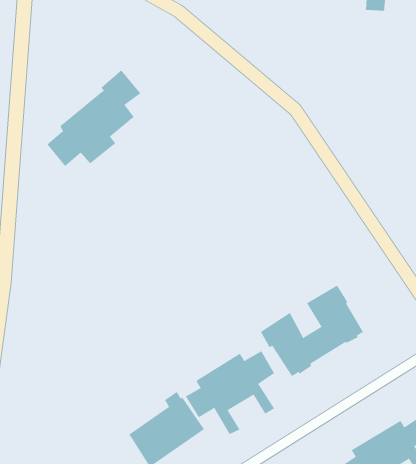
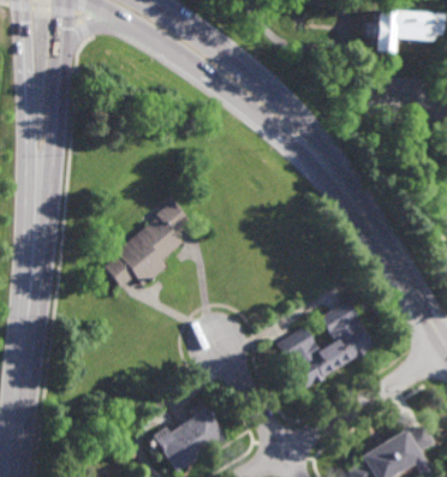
building: [46,70,141,167] -> [103,199,190,288]
building: [185,350,275,435] -> none

